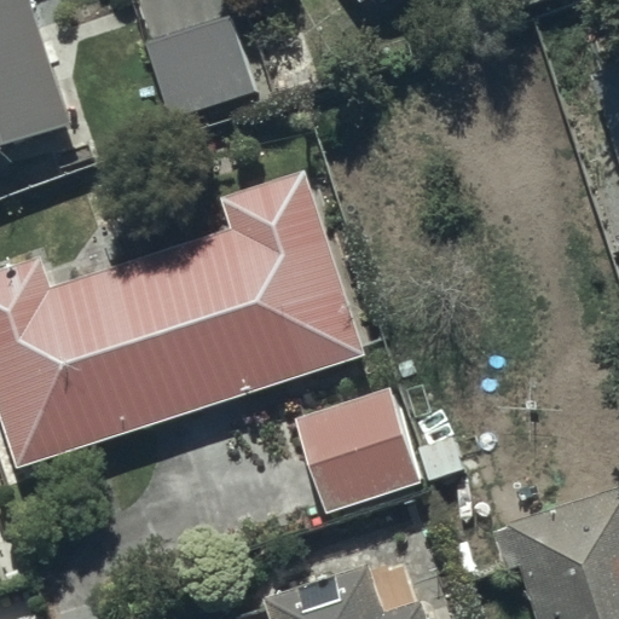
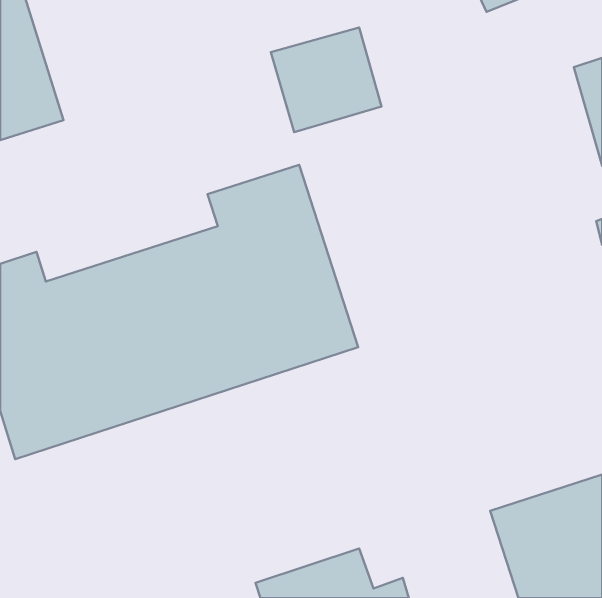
building: [143,12,256,120] -> [271,27,381,132]
building: [291,389,416,511] -> none

